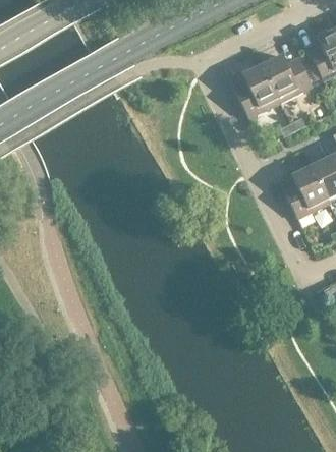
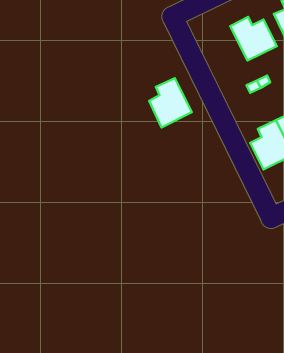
building: [235,65,281,118] -> [149,78,192,127]

